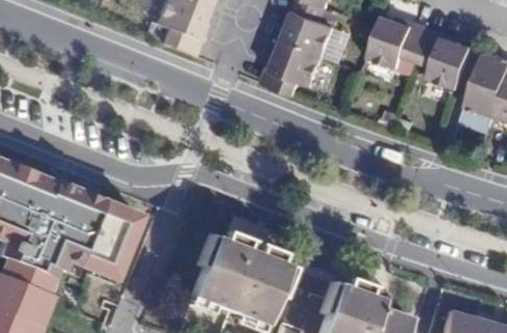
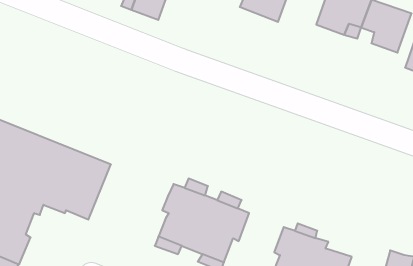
building: [265,39,325,95] -> none

